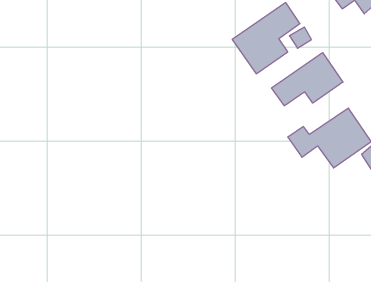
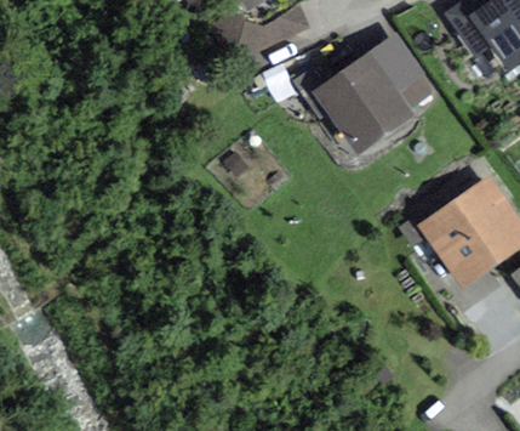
building: [272,53,343,106] -> none

